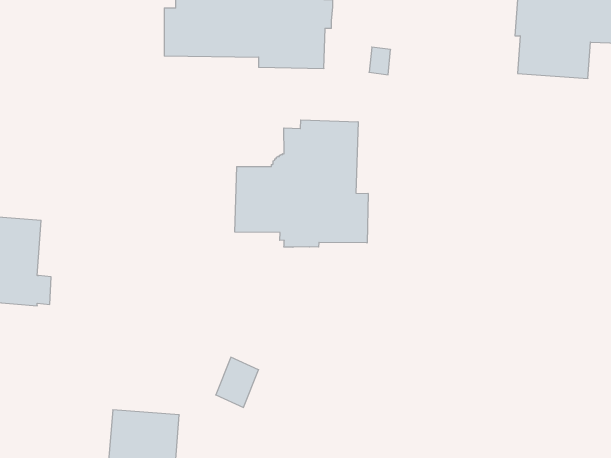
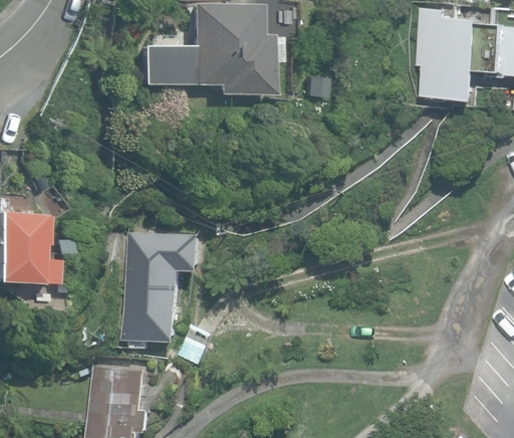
building: [235,120,368,247] -> none
building: none -> [125,233,199,340]

